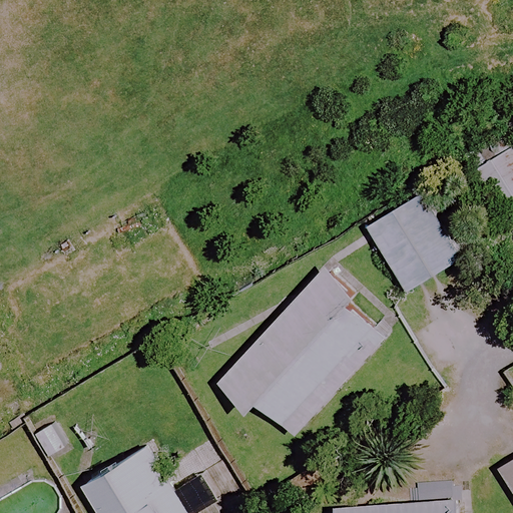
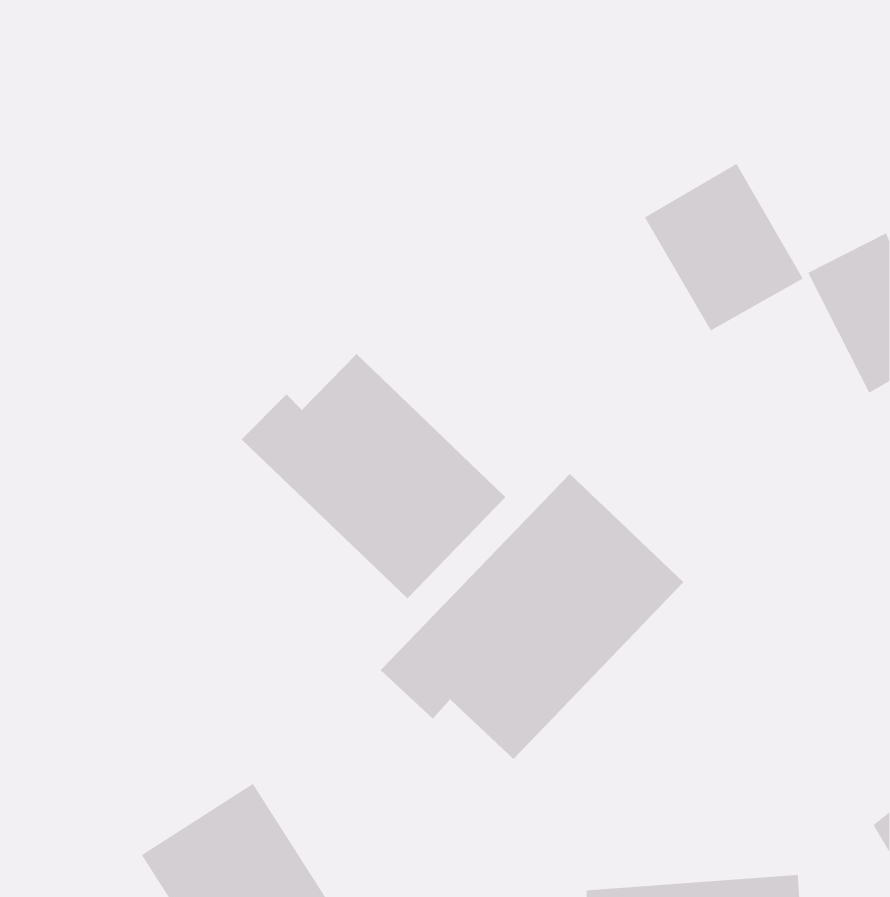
building: [365,195,456,292] -> [644,163,804,332]
building: none -> [241,353,506,599]

